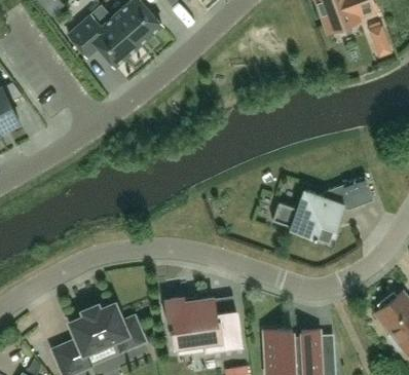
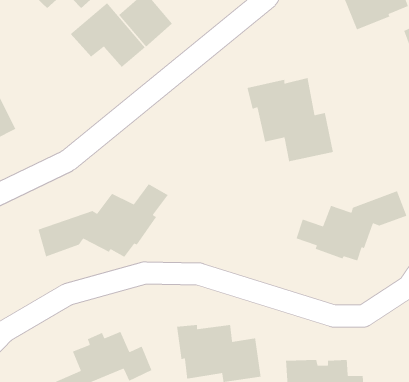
building: none -> [246,77,334,162]
building: none -> [37,183,169,258]

